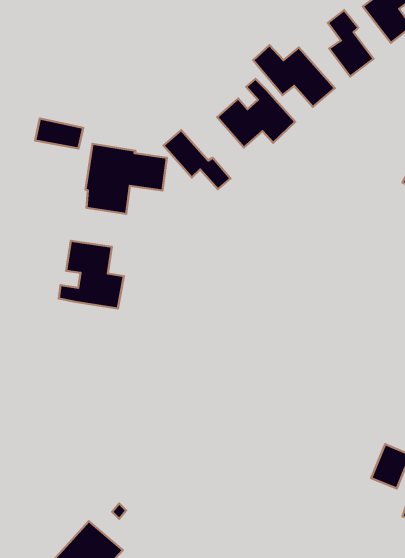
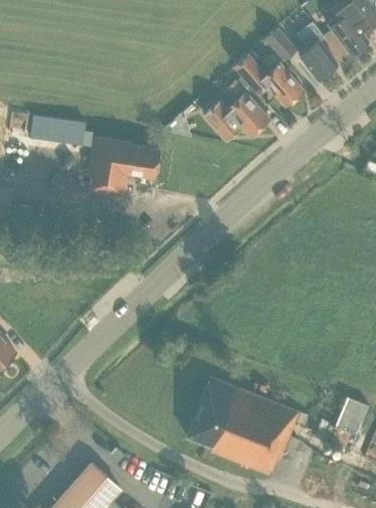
building: none -> [264,26,298,60]
building: [164,130,230,189] -> none
building: [59,241,124,308] -> none
building: none -> [187,377,299,475]

